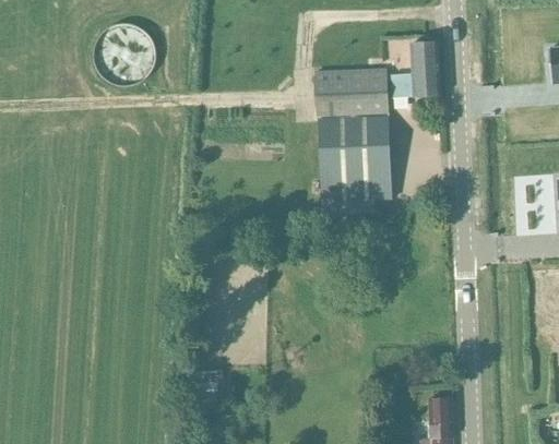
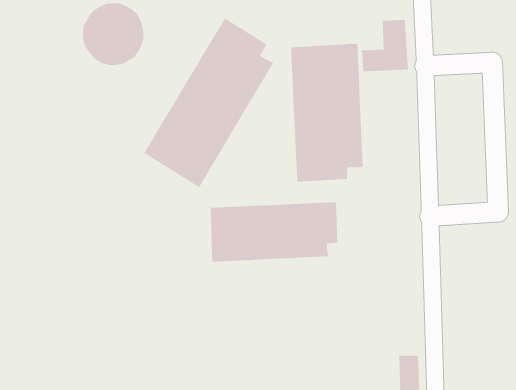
building: none -> [143,18,274,188]
building: none -> [210,201,338,263]

